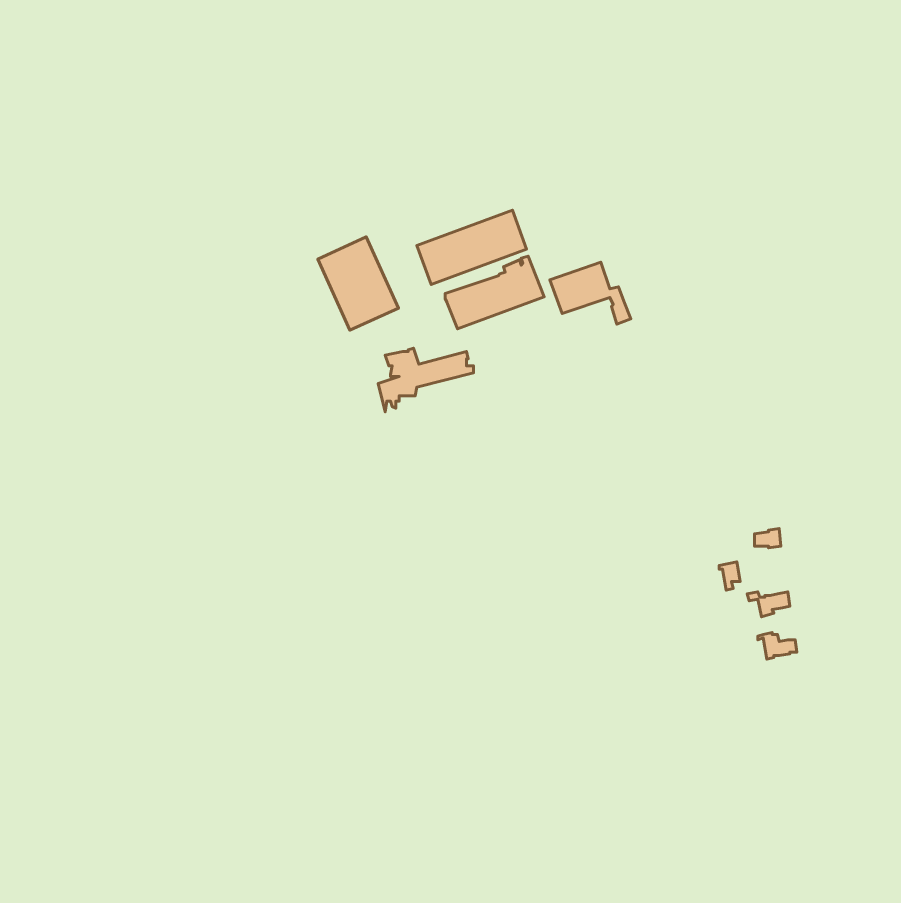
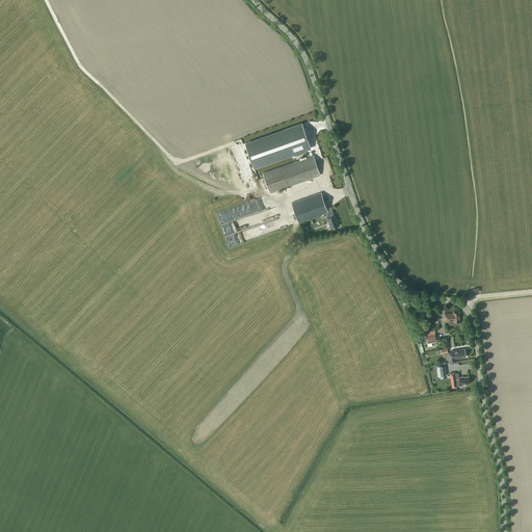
building: [318,237,398,330] -> none
building: [550,262,631,324] -> [290,192,338,229]

